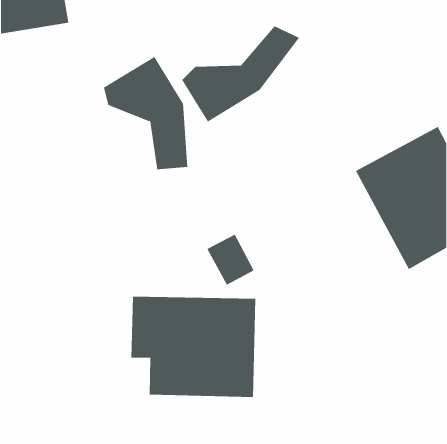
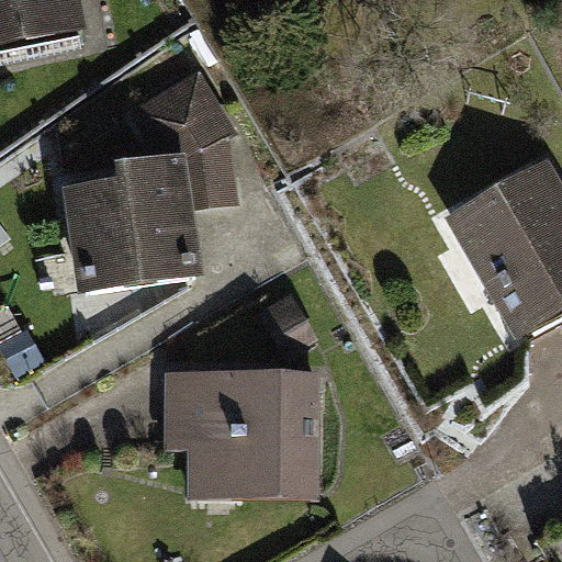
building: [181,26,300,123] -> none
building: none -> [65,153,205,291]

